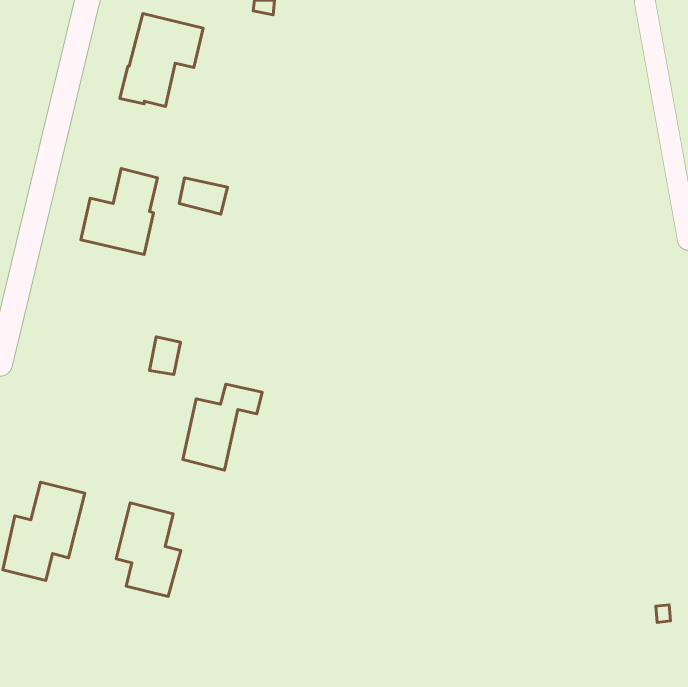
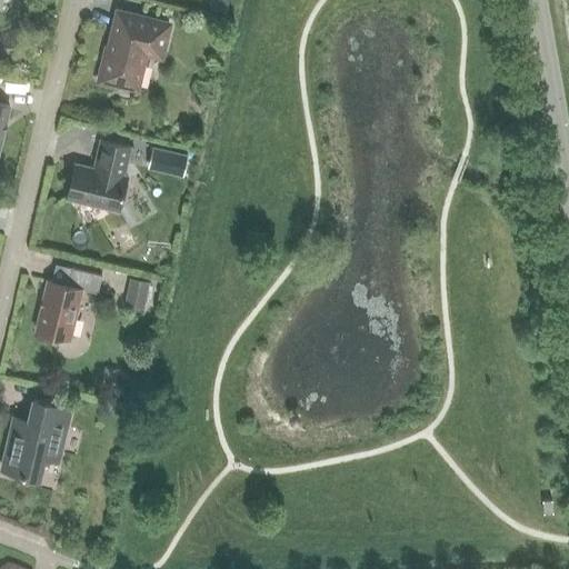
building: [183,384,262,470] -> [36,269,101,340]
building: [116,503,181,597] -> none

